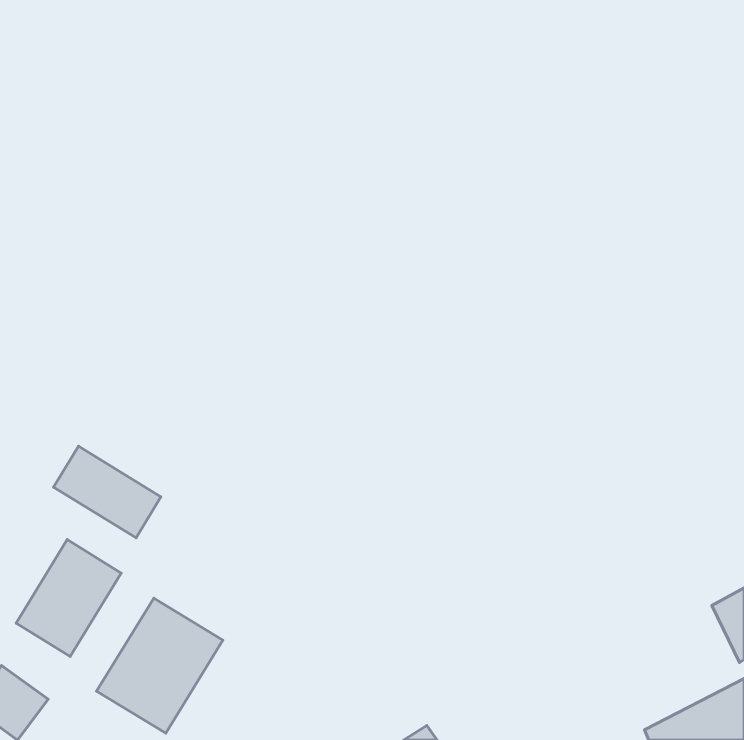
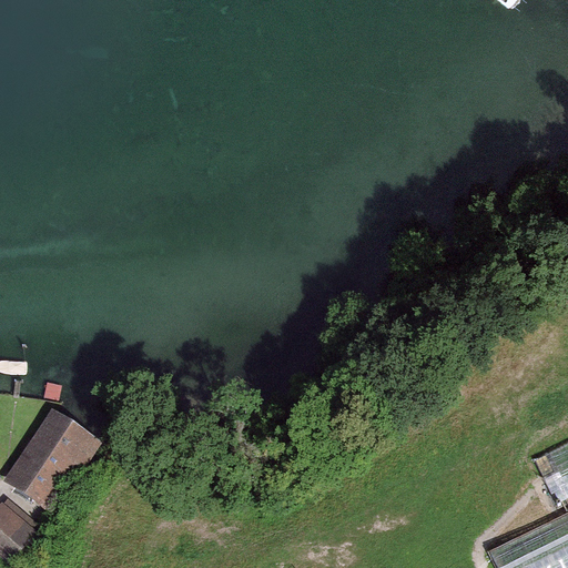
building: [54,446,161,538] -> none
building: [97,598,223,733] -> none

